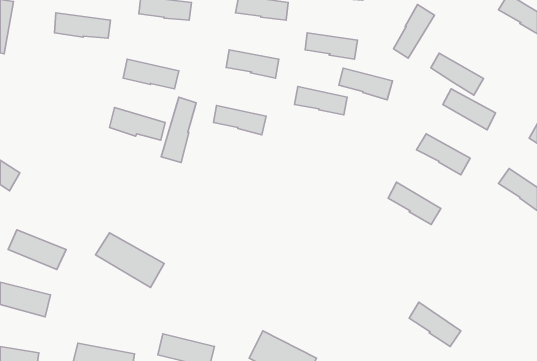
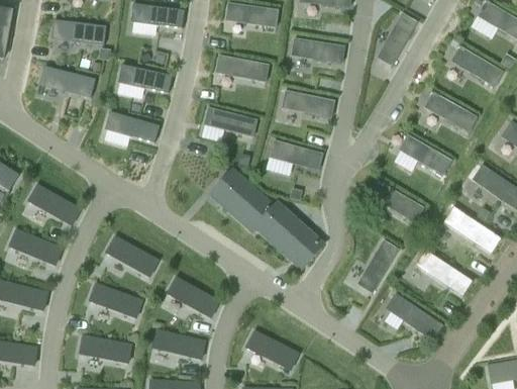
building: [431,53,483,95] -> [452,46,503,87]
building: none -> [39,66,95,97]
building: [339,68,392,100] -> [271,140,322,171]
building: [161,97,196,162] -> none
building: none -> [208,168,324,270]
building: none -> [15,179,71,223]
building: none -> [450,211,501,253]
building: none -> [358,238,398,289]
building: none -> [422,254,473,295]
building: none -> [166,276,220,318]
building: none -> [82,283,140,323]

